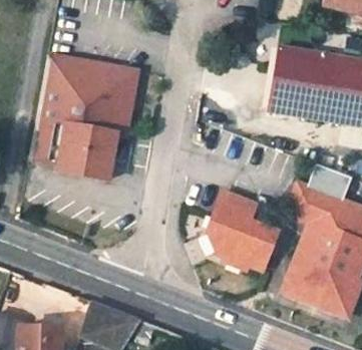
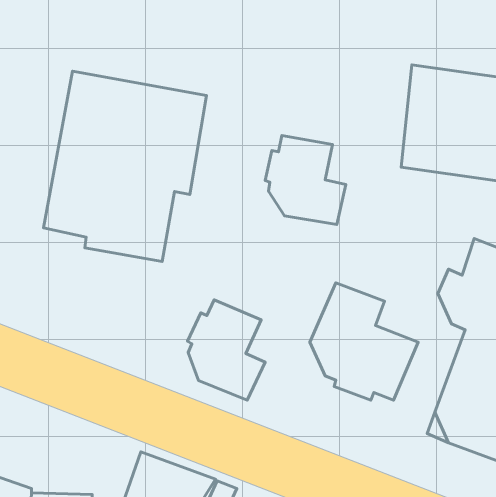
building: none -> [265,135,346,225]
building: none -> [188,300,265,400]

